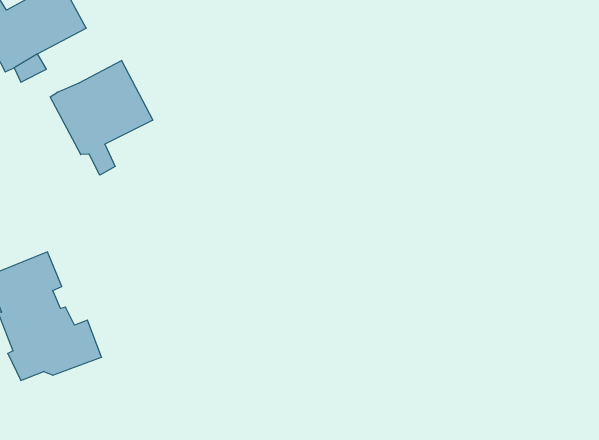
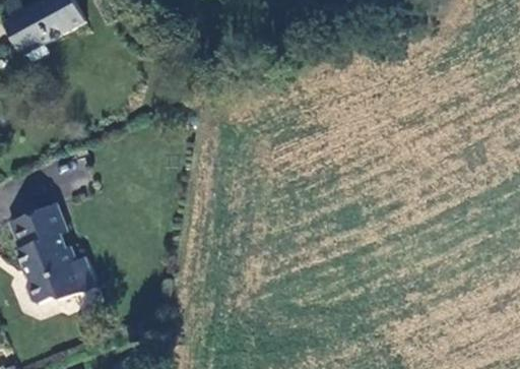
building: [50,60,153,175] -> none

